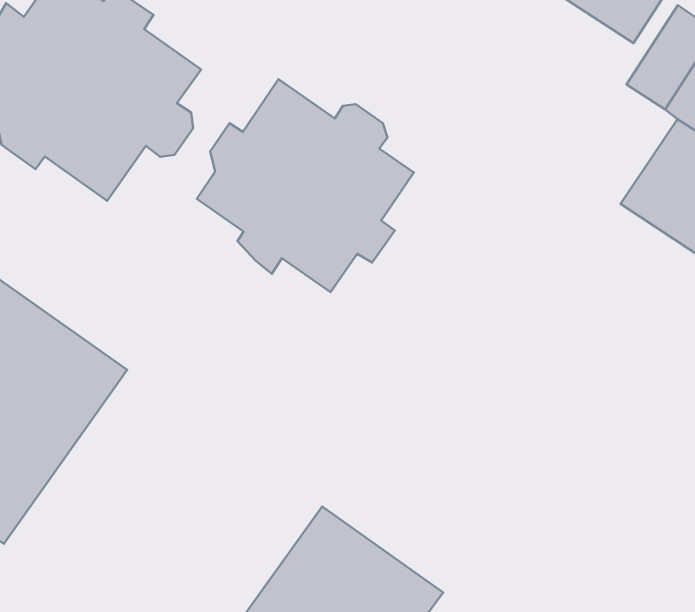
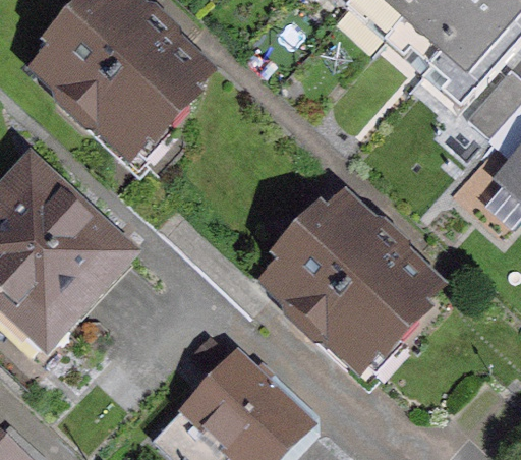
building: [197,79,414,292] -> none
building: none -> [276,206,428,357]

